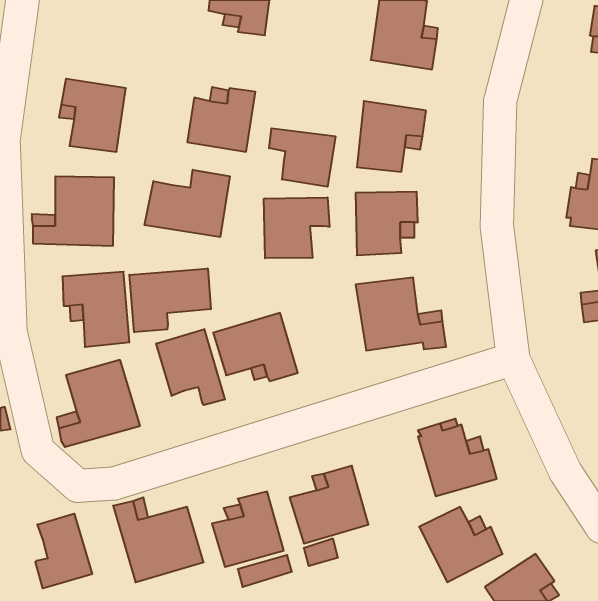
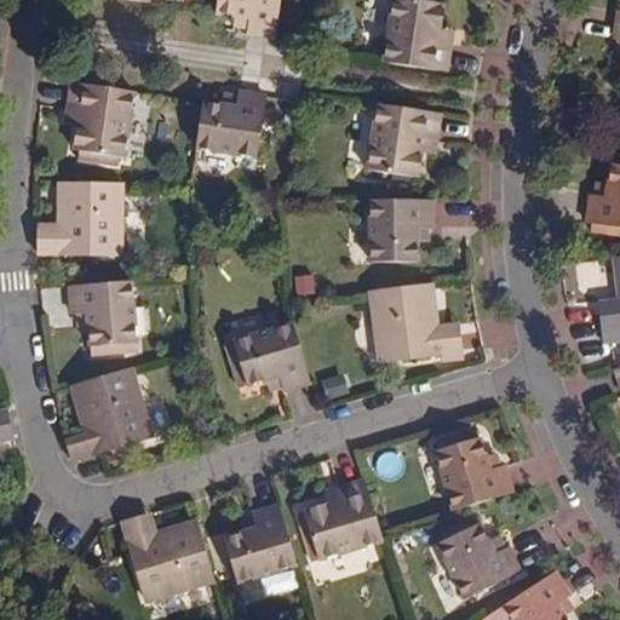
building: [269,128,335,187] -> none
building: [145,170,230,237] -> none
building: [264,197,329,258] -> none
building: [129,268,211,332] -> none
building: [156,329,225,405] -> none
building: [35,514,92,588] -> none

